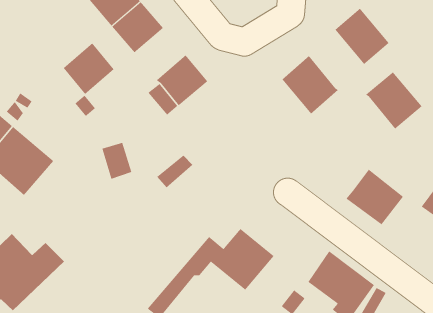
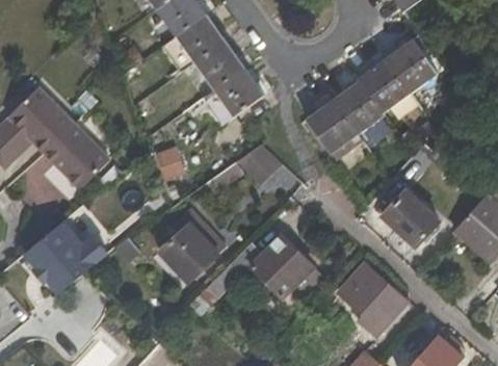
building: [63,42,115,95] -> [194,42,243,90]
building: [365,71,422,130] -> [358,57,411,112]
building: none -> [306,100,357,153]
building: none -> [235,143,282,185]
building: none -> [158,224,218,282]

